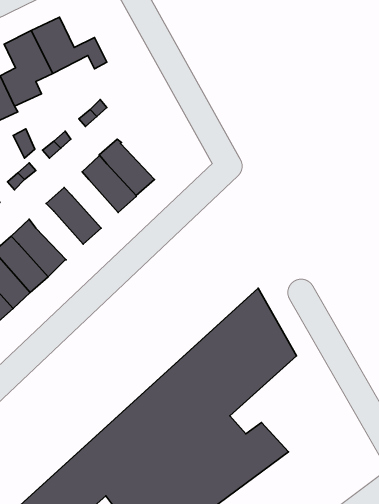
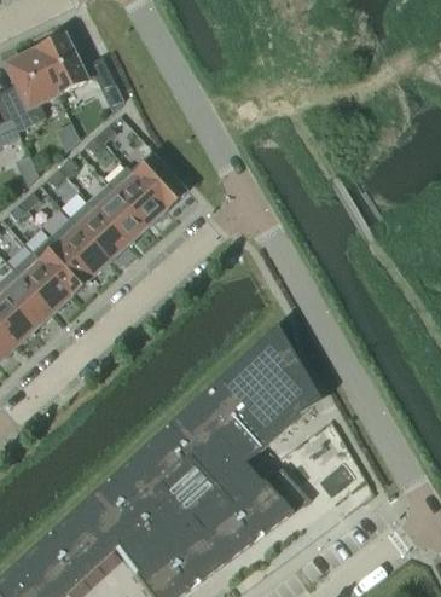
building: none -> [129,152,185,209]
building: none -> [69,201,127,261]
building: none -> [31,234,89,295]

